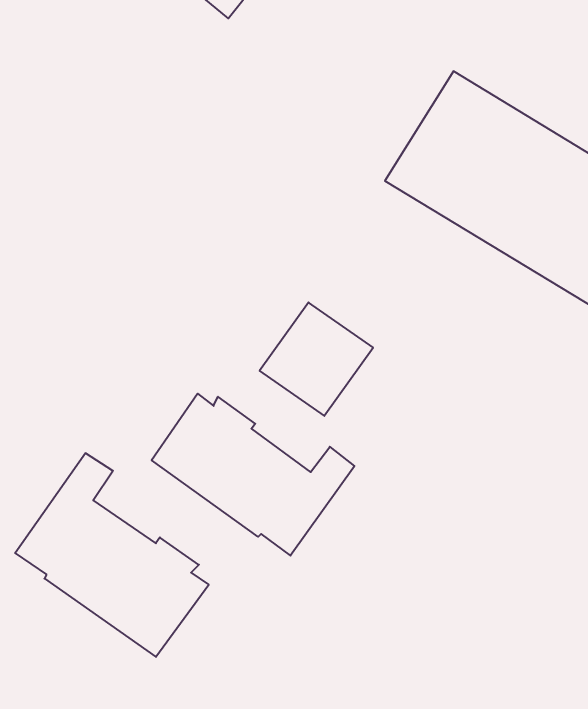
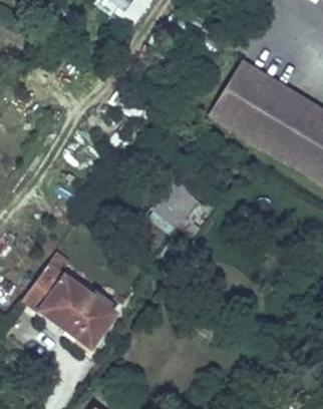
building: [152,394,354,556] -> none

